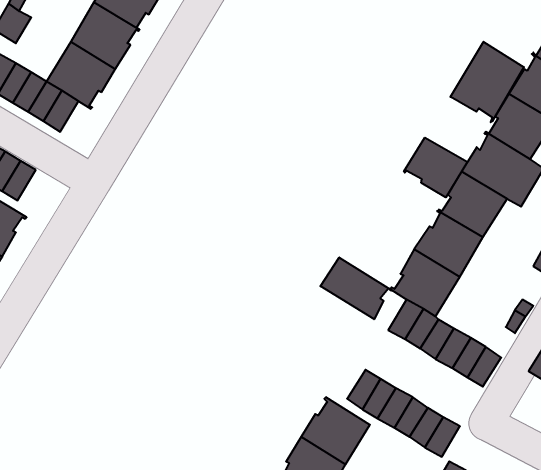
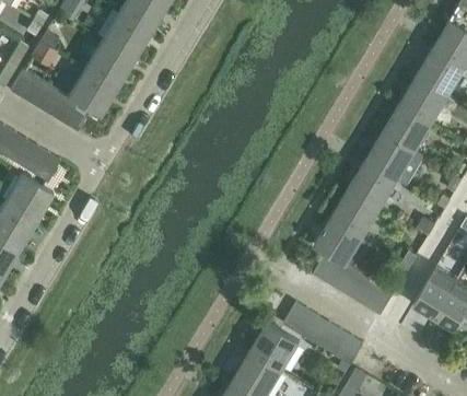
building: [450,42,524,122] -> none
building: [404,138,467,197] -> none
building: [320,257,392,319] -> none

